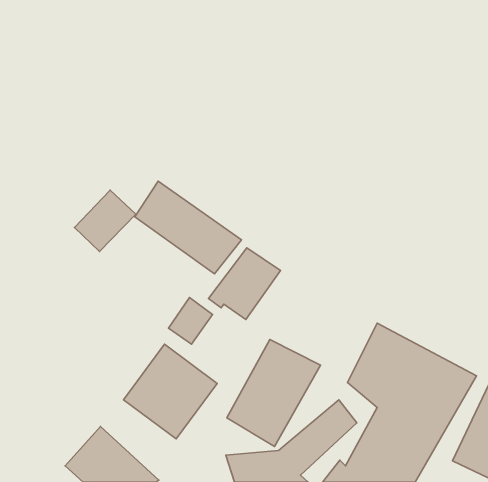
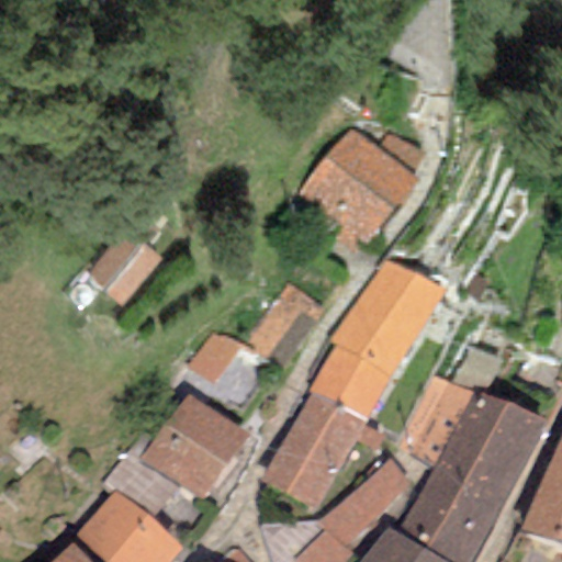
building: none -> [299,126,417,246]
building: [135,181,242,274] -> none
building: none -> [308,256,448,419]

